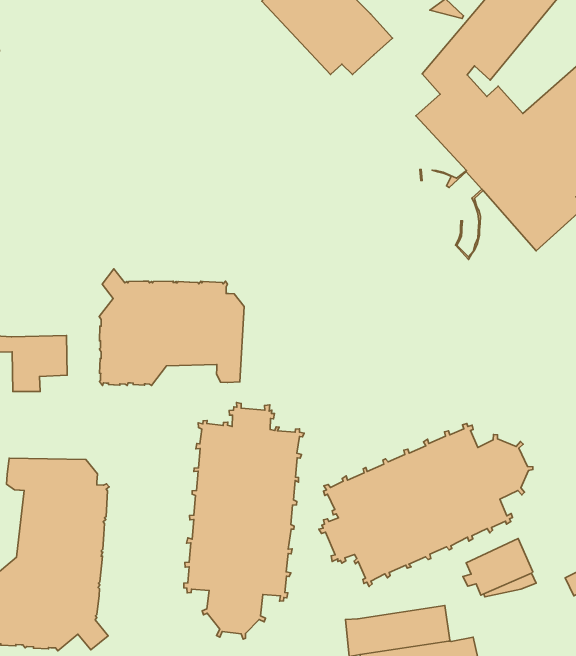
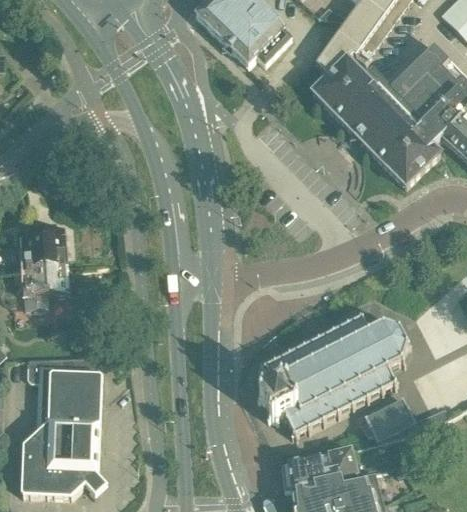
building: [99,269,244,386] -> none
building: none -> [22,226,64,268]
building: [184,403,304,639] -> none

